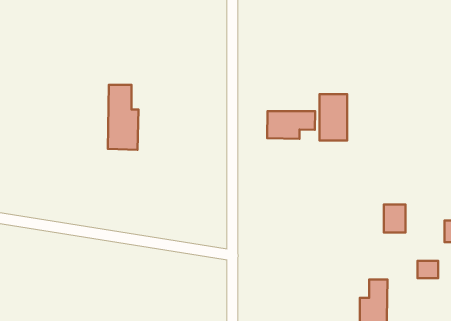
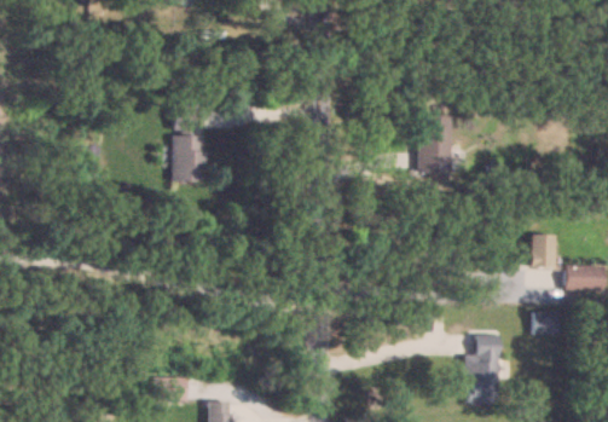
building: [267,111,315,139] -> none
building: [384,204,405,232] -> [529,235,555,267]

